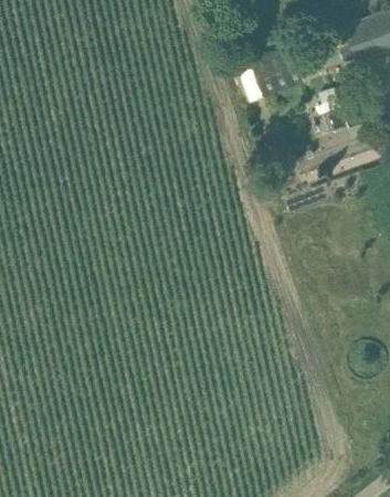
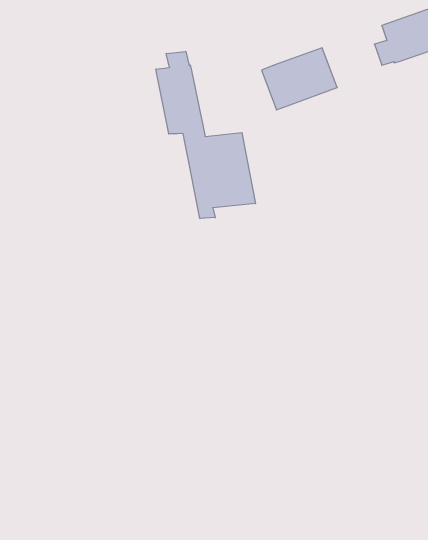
building: none -> [156,51,255,219]

